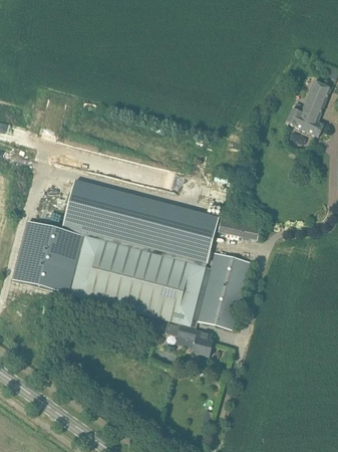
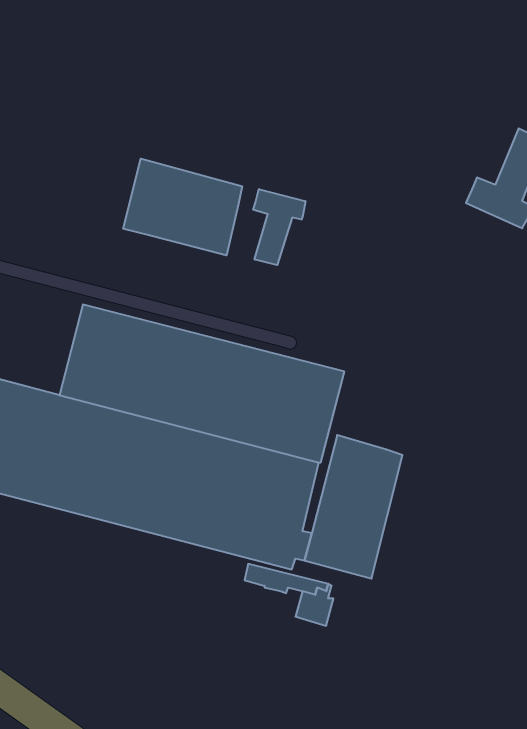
building: none -> [123,159,242,255]
building: none -> [253,189,305,265]
building: [218,215,260,239] -> none

